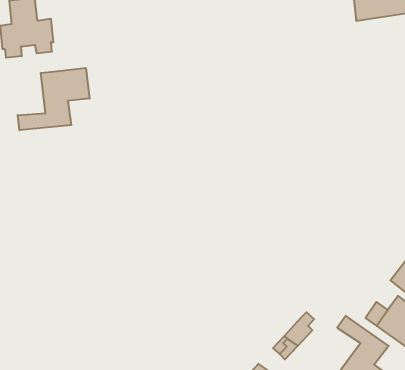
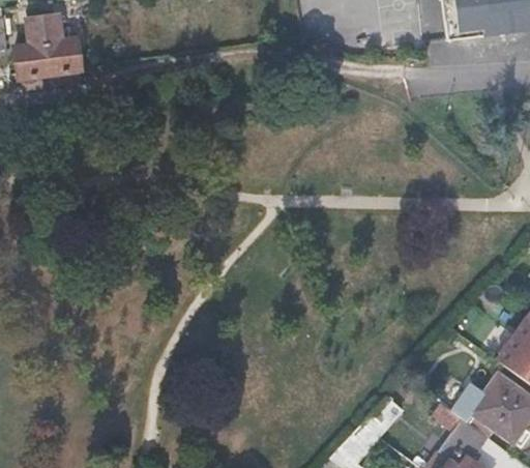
building: [18,68,90,130] -> none

